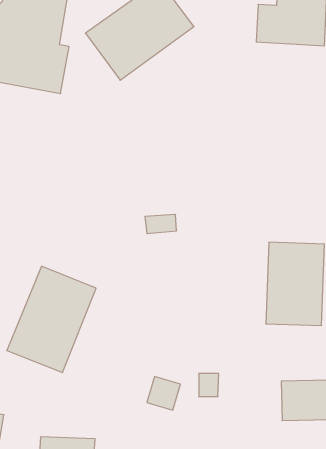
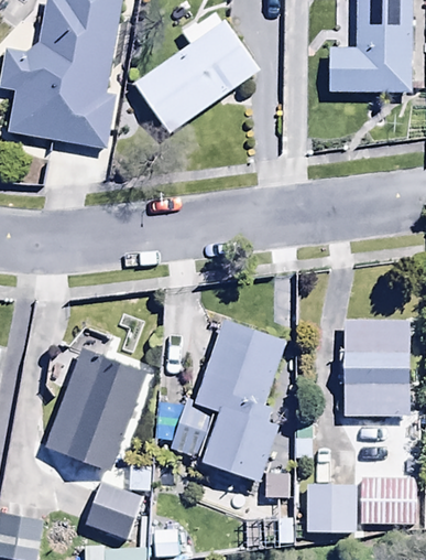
building: none -> [171,319,287,483]
building: none -> [86,480,145,538]
building: none -> [306,486,354,532]

